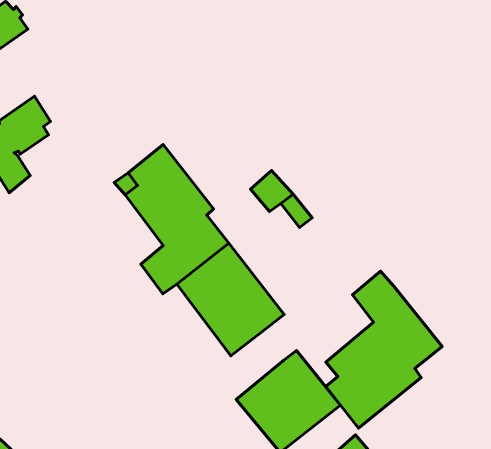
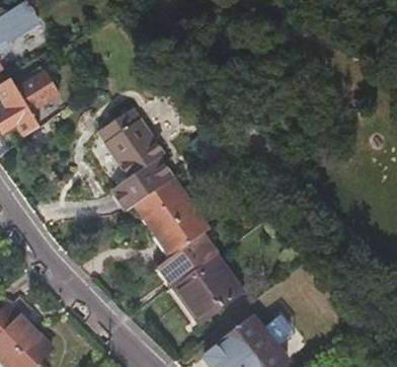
building: [326,271,442,428] -> none
building: none -> [158,241,207,287]

